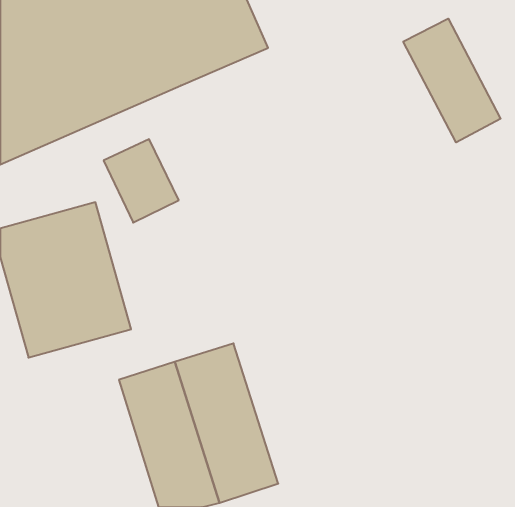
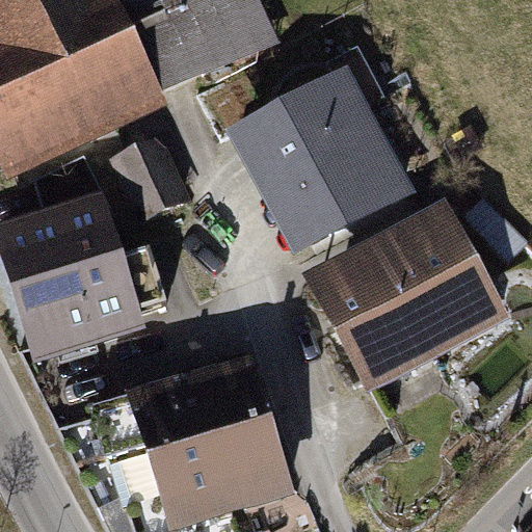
building: [403,19,501,142] -> none
building: none -> [225,57,416,249]
building: none -> [311,203,505,390]

